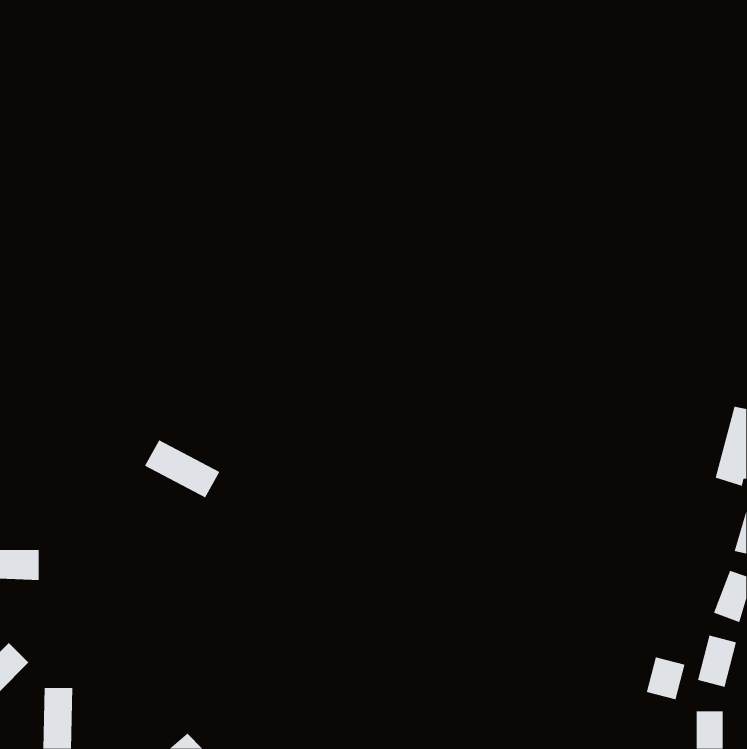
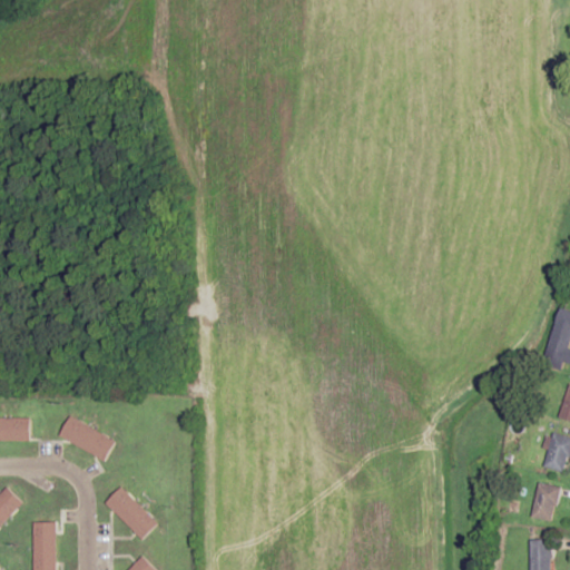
building: [144,439,220,498] -> [59,416,117,461]
building: none -> [106,488,158,540]
building: [646,656,685,700] -> none

